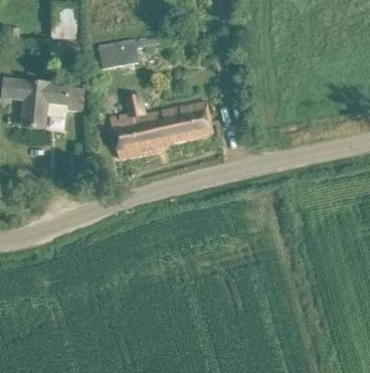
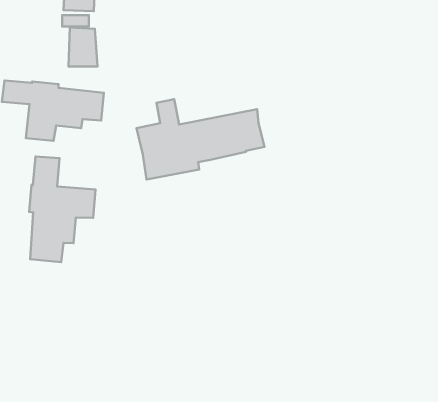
building: [100,43,137,70] -> none
building: none -> [29,157,96,262]

